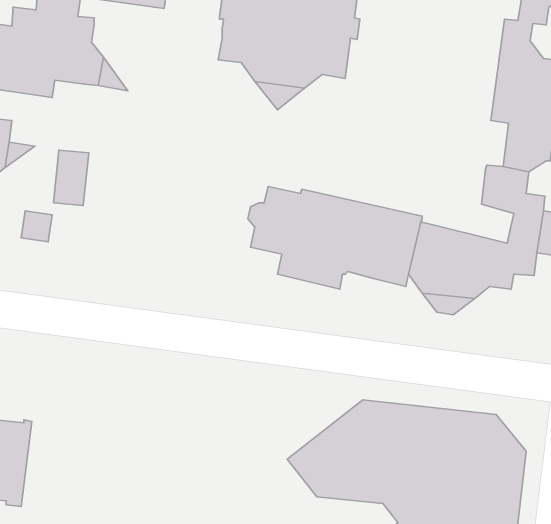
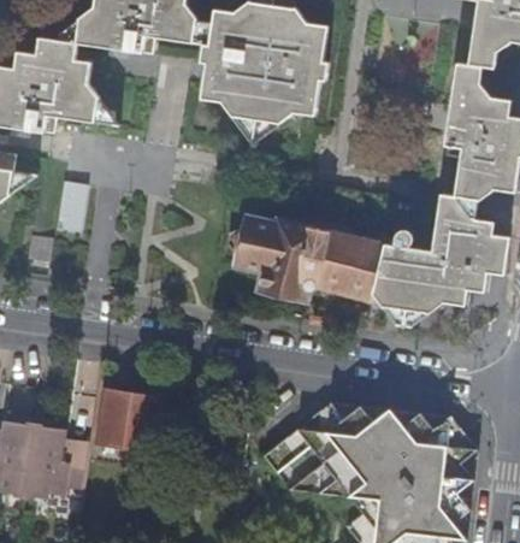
building: none -> [380,228,463,264]
building: none -> [96,389,158,450]
building: none -> [24,423,87,500]

